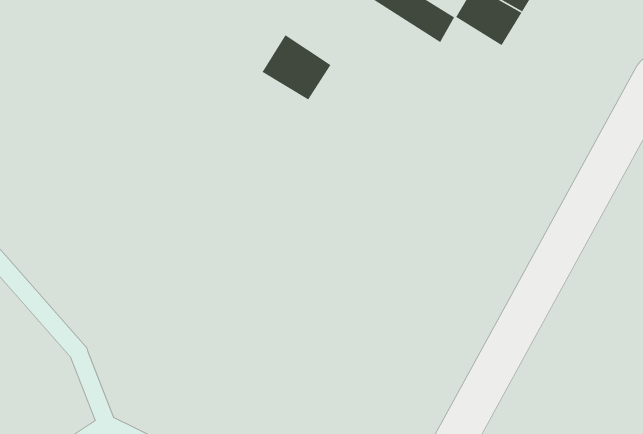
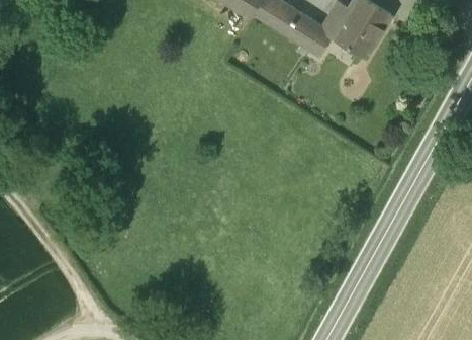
building: [262,34,332,101] -> none

